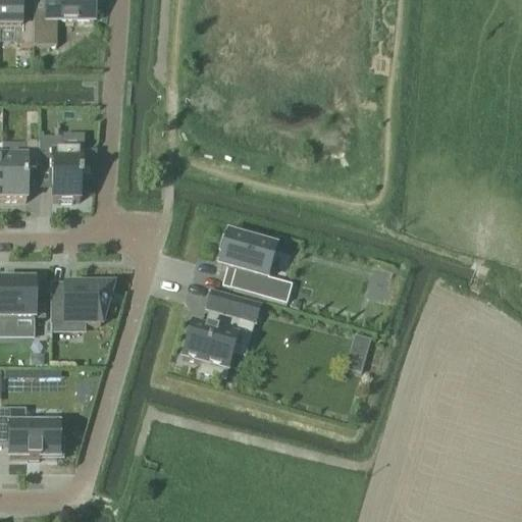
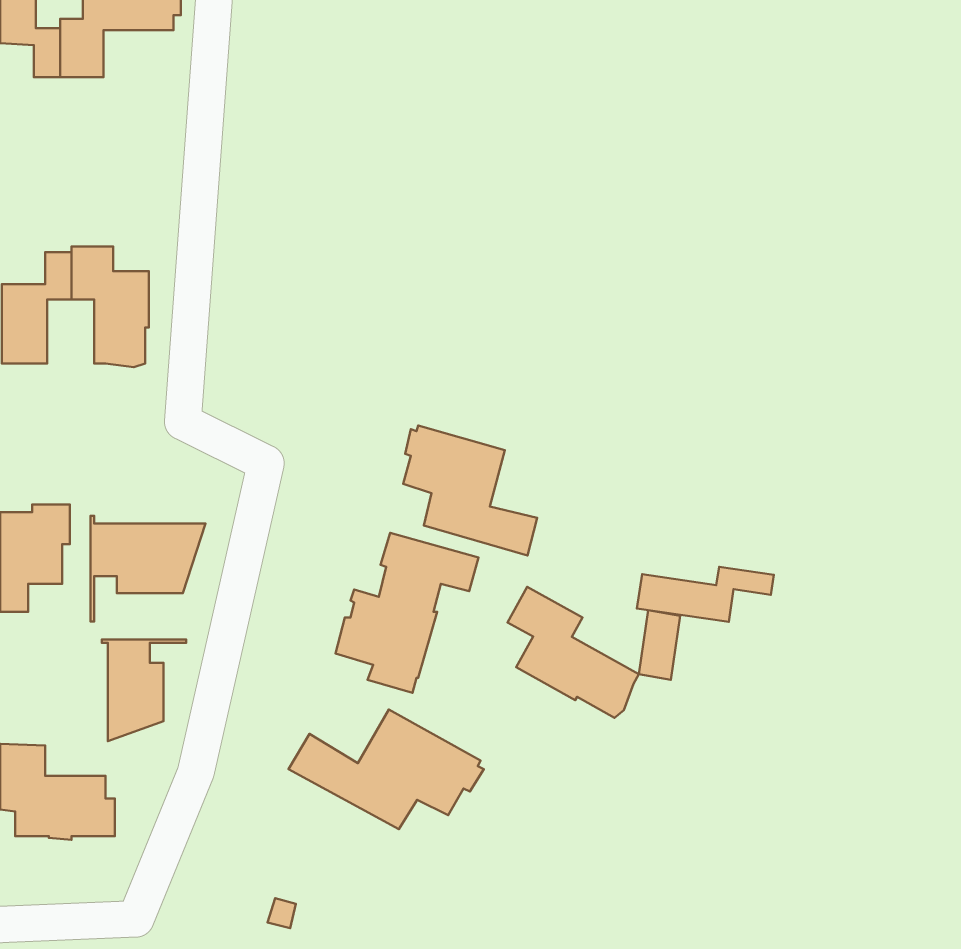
building: none -> [637,567,774,622]
building: none -> [508,587,639,718]
building: none -> [102,639,186,741]
building: none -> [288,709,484,829]

